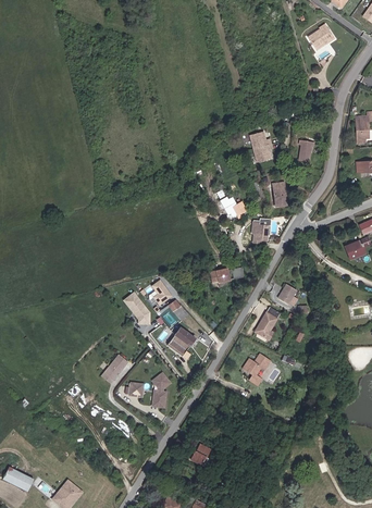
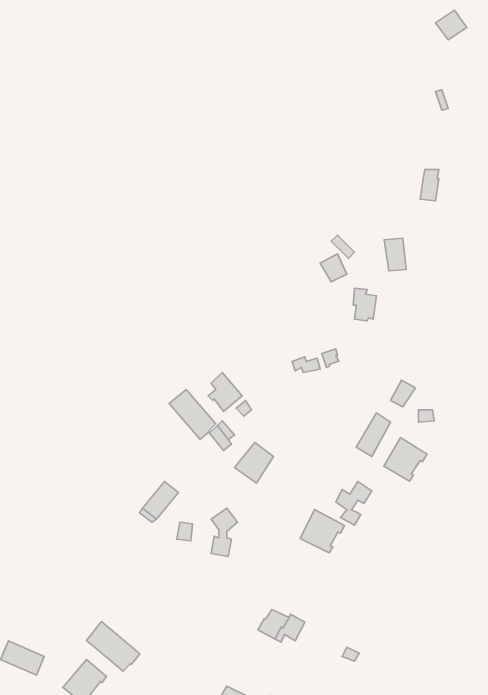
building: [248,132,271,162] -> none
building: none -> [384,438,427,481]
building: none -> [300,510,345,553]
building: none -> [87,622,140,671]

